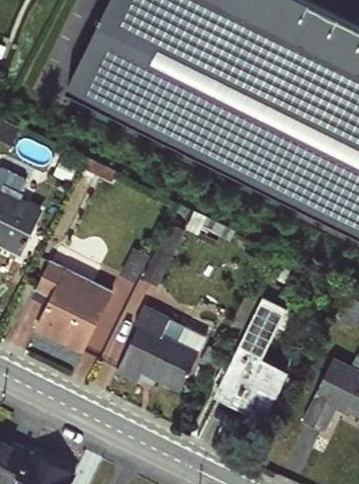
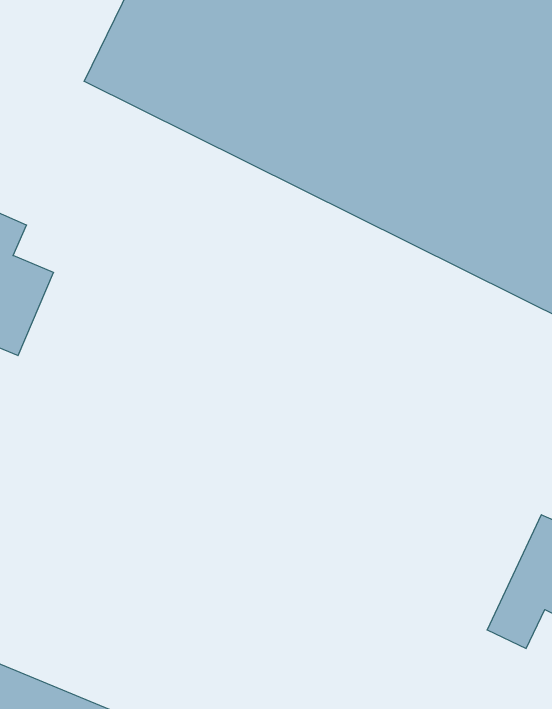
building: [34,260,119,355] -> none
building: [218,296,290,417] -> none
building: [117,306,208,391] -> none

